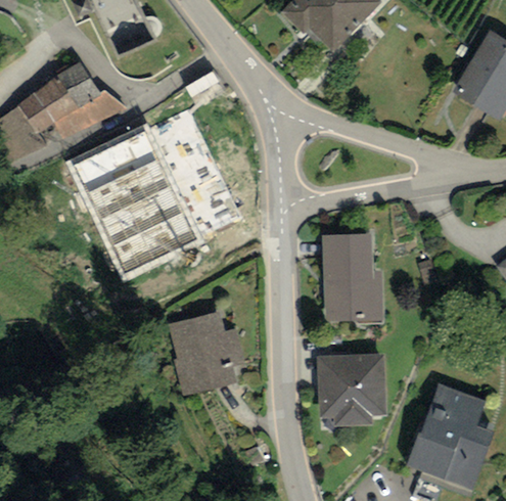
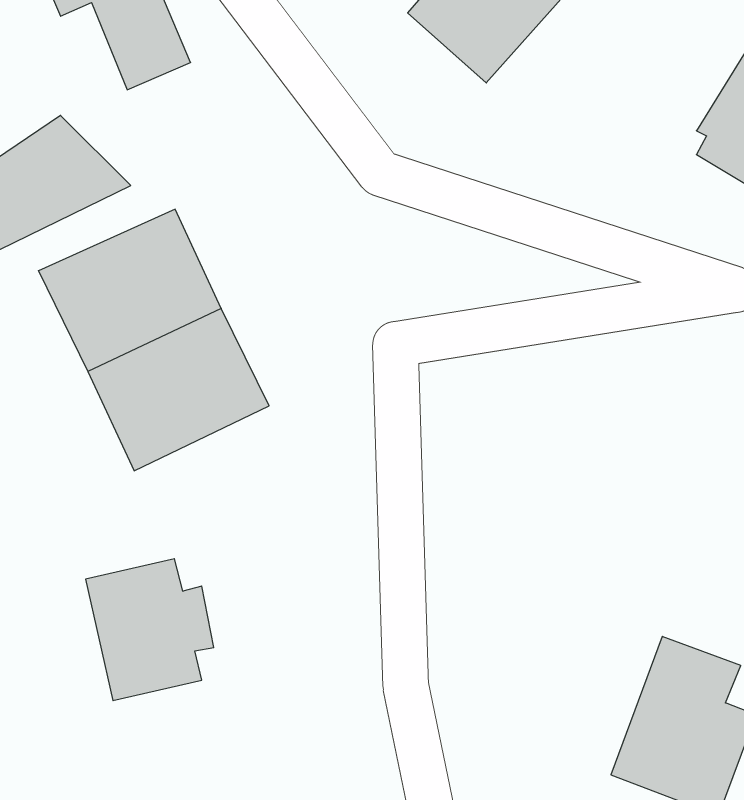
building: [321,230,382,319] -> none
building: [167,310,243,395] -> [86,559,214,701]
building: [317,351,384,422] -> none

